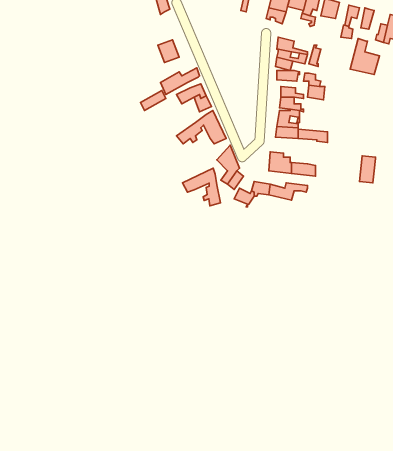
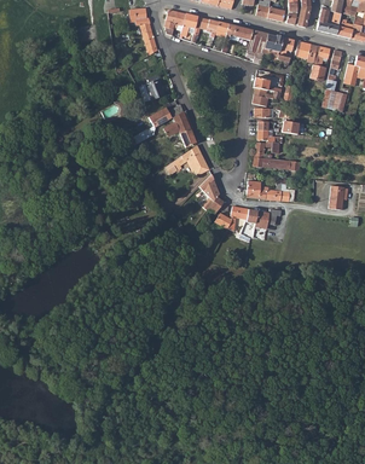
building: [183,168,221,206] -> none

